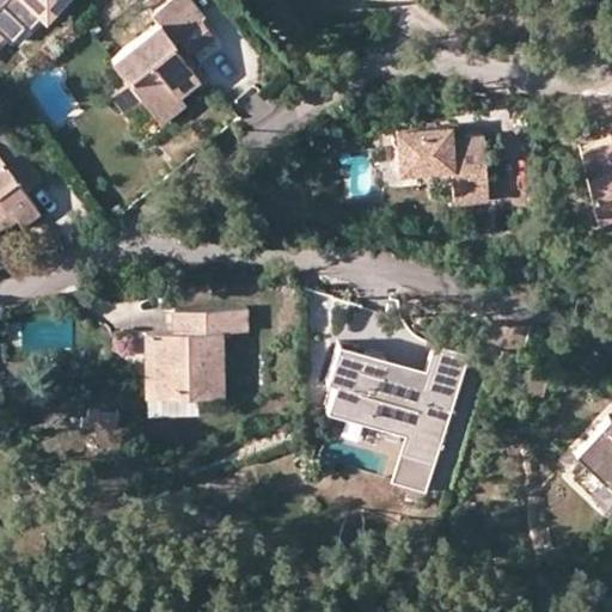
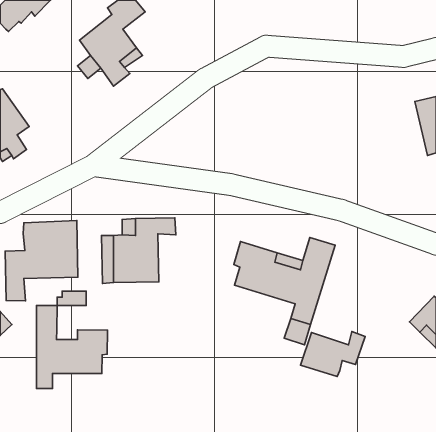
building: [398,130,490,204] -> none
building: none -> [5,221,78,301]
building: none -> [36,305,107,389]
building: none -> [301,332,365,377]

